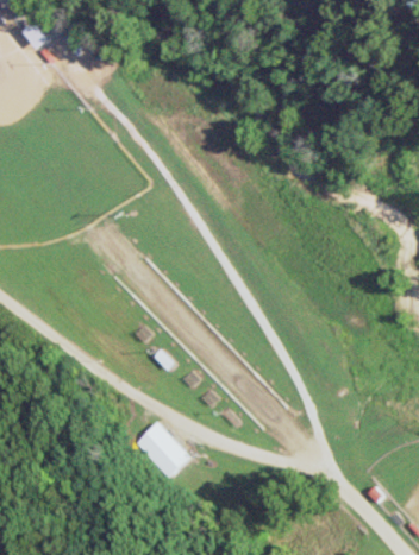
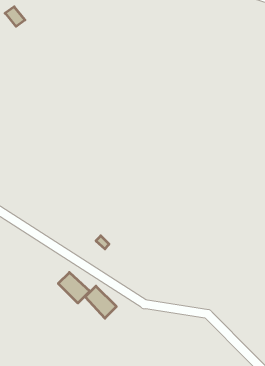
building: none -> [58,272,90,303]

